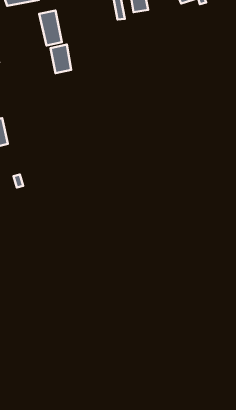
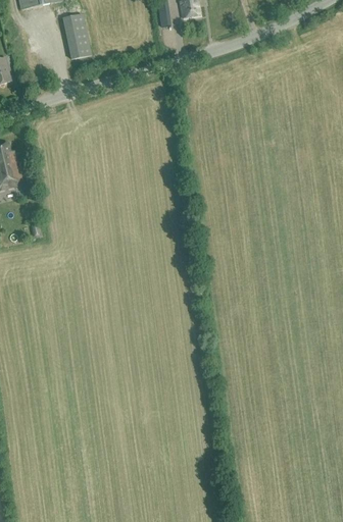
building: [50,45,71,73] -> none

